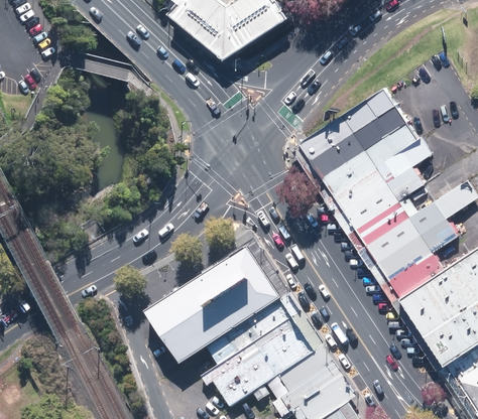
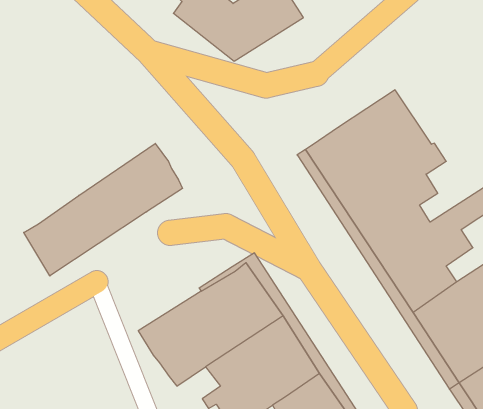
building: none -> [24,143,183,276]

